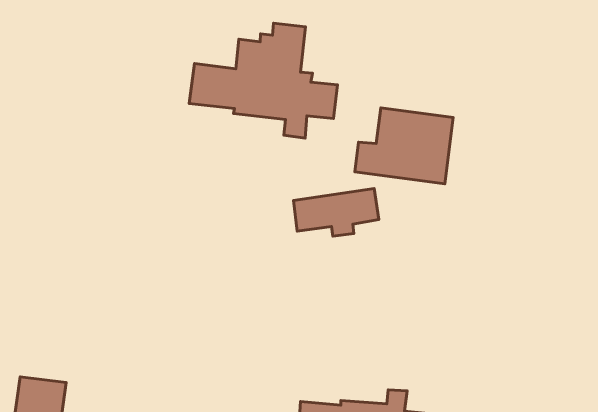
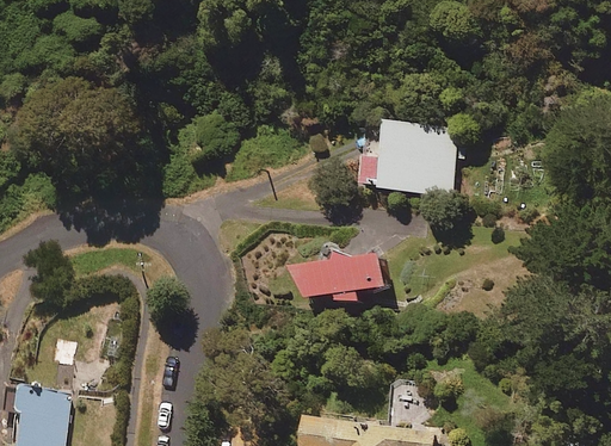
building: [189,23,337,138] -> none
building: [294,189,379,236] -> [298,254,384,302]

